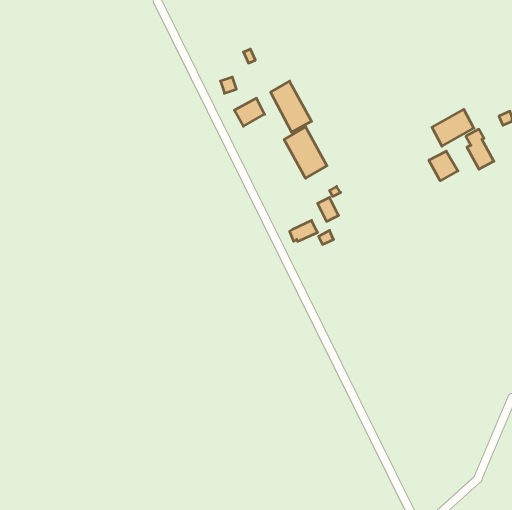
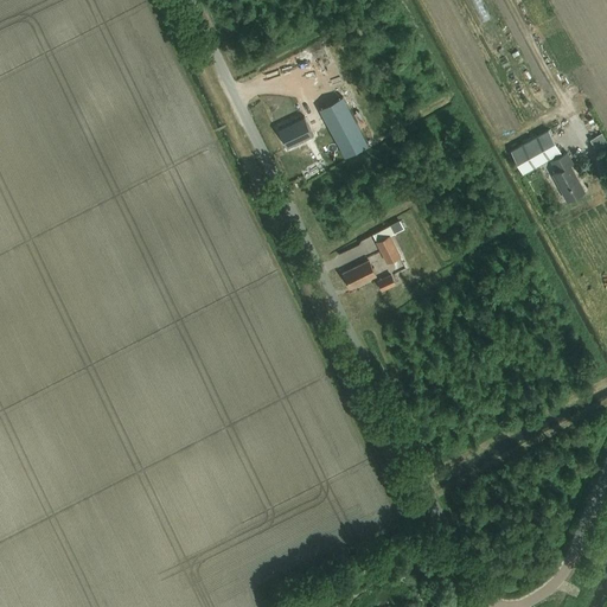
building: [284,127,327,178] -> none
building: [429,151,458,181] -> none

